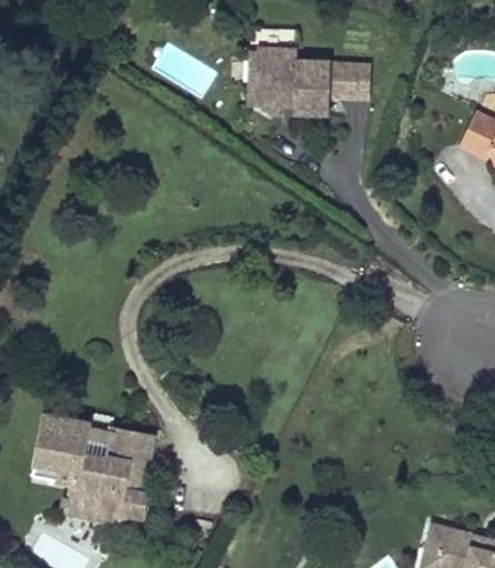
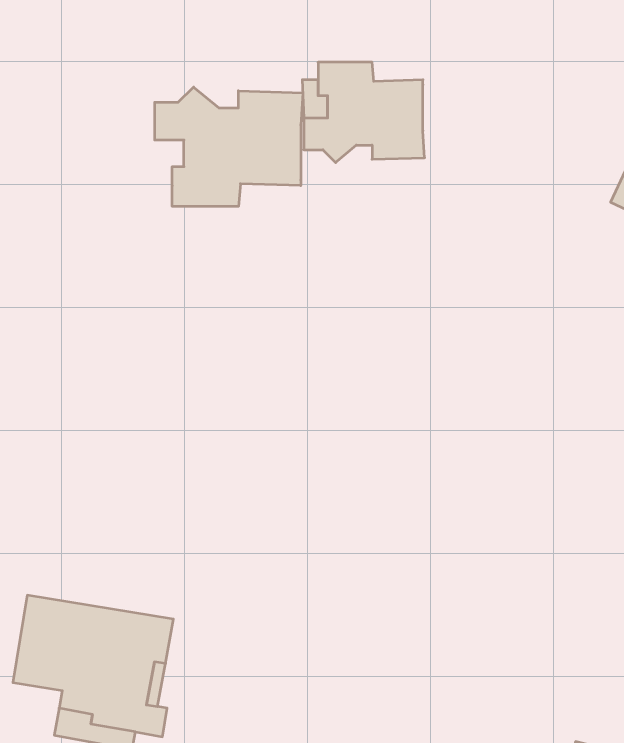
building: [329,63,368,97] -> none
building: none -> [155,87,303,206]

